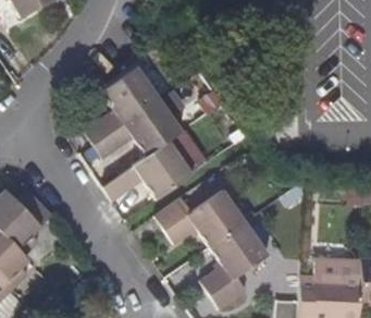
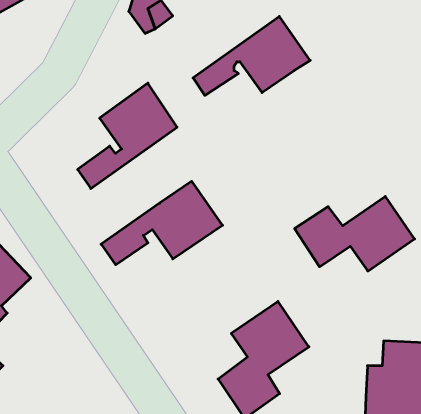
building: [97,98,184,157] -> [193,16,310,95]
building: [147,196,236,252] -> [295,196,415,271]

